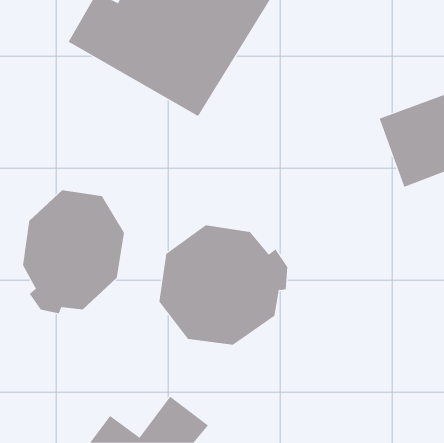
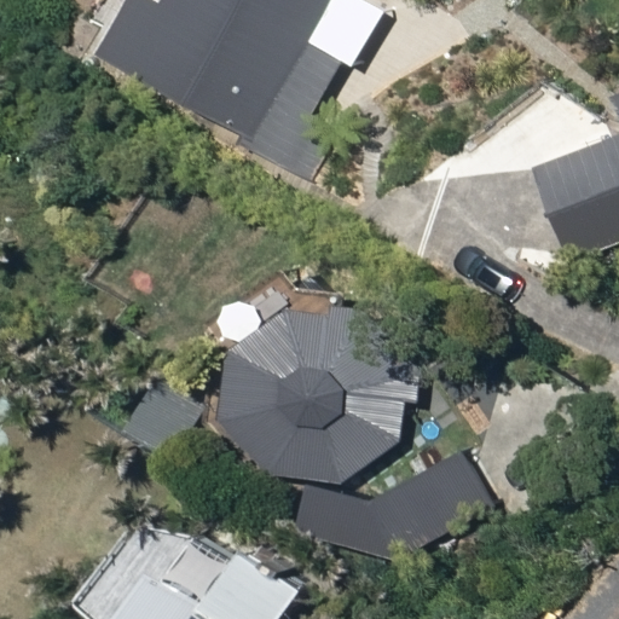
building: [23,190,124,314] -> none
building: none -> [322,450,498,560]

